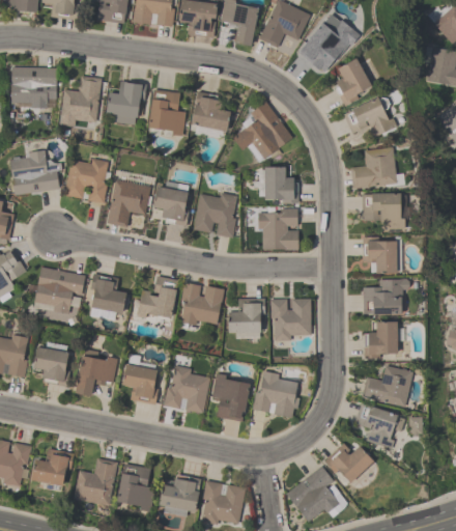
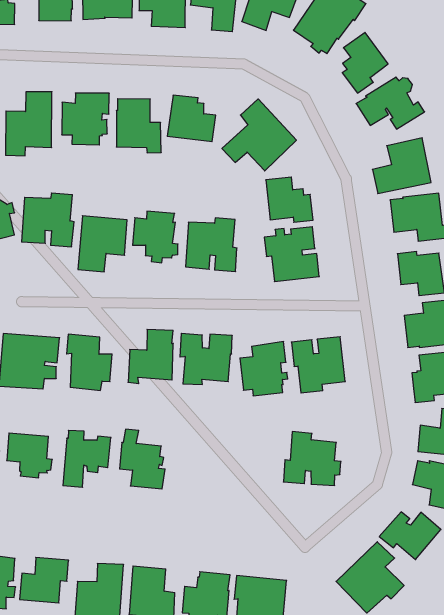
building: [163,366,209,413] -> none
building: [211,372,251,421] -> none

